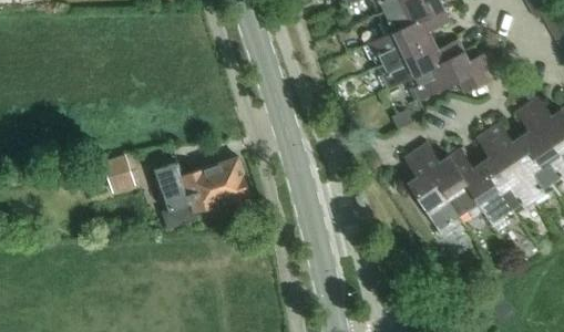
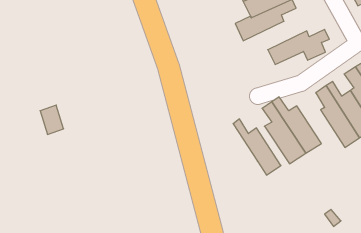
building: [379,39,465,89] -> none
building: [452,148,517,225] -> [233,119,281,175]
building: [151,157,250,229] -> none

